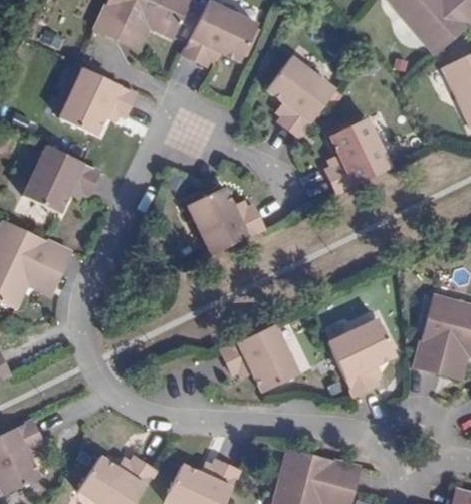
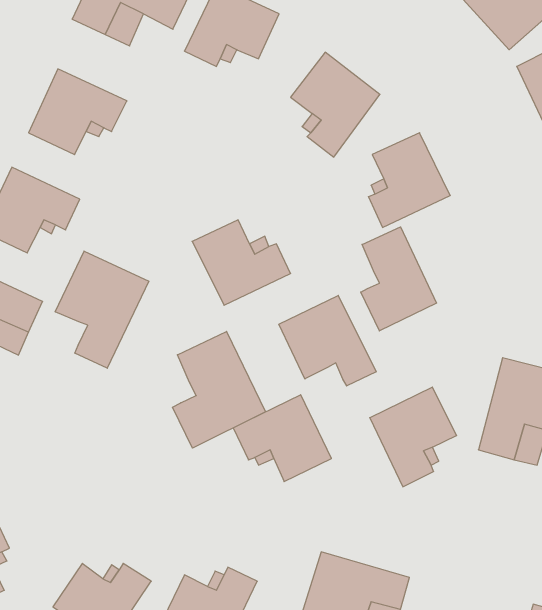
building: none -> [361,227,437,331]
building: none -> [55,251,149,368]
building: none -> [279,295,376,386]
building: none -> [172,331,266,448]

